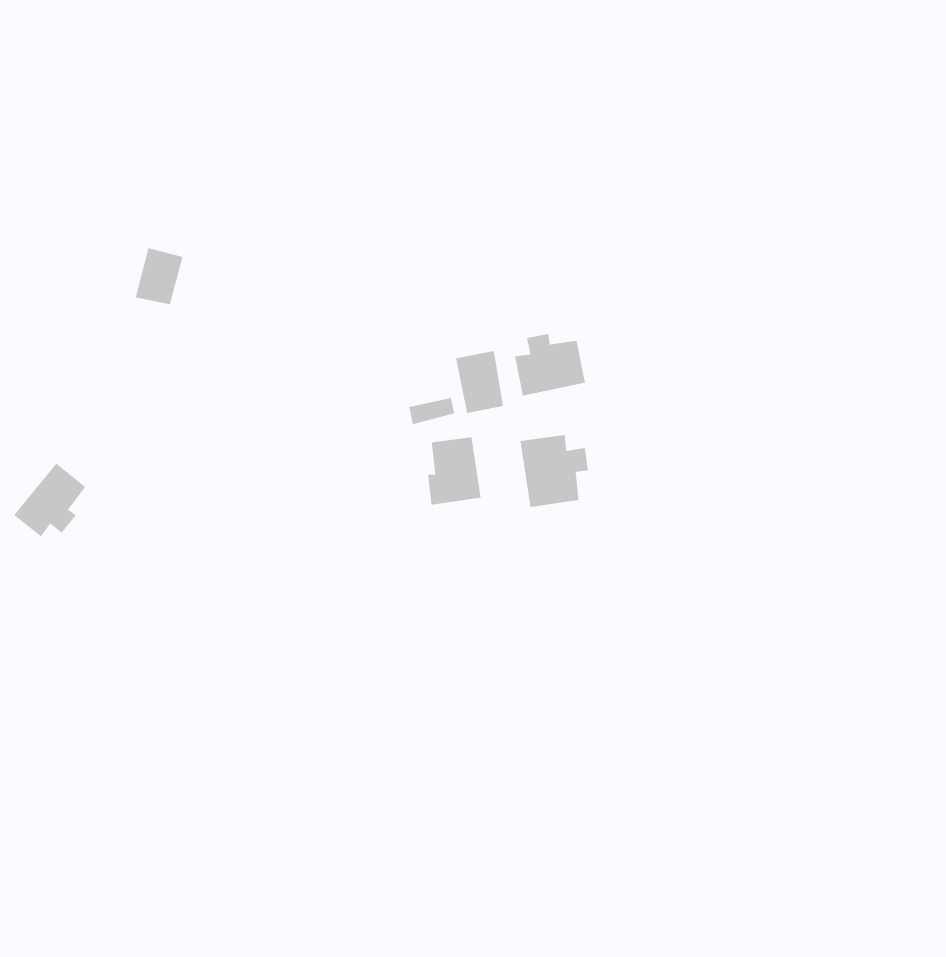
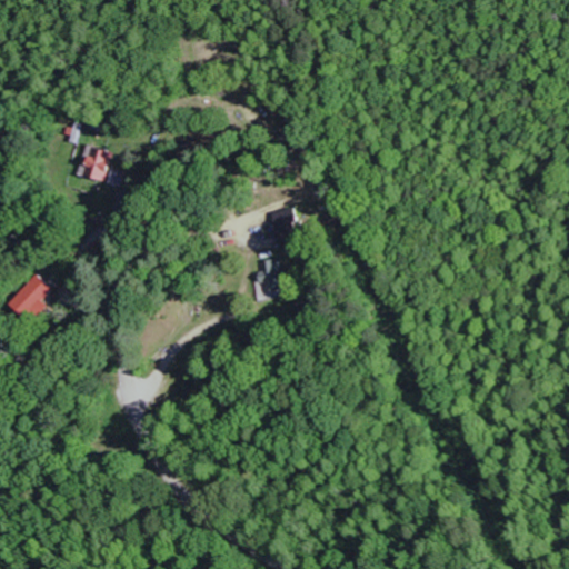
building: [514,333,586,396] -> none
building: [520,434,589,508] -> none

